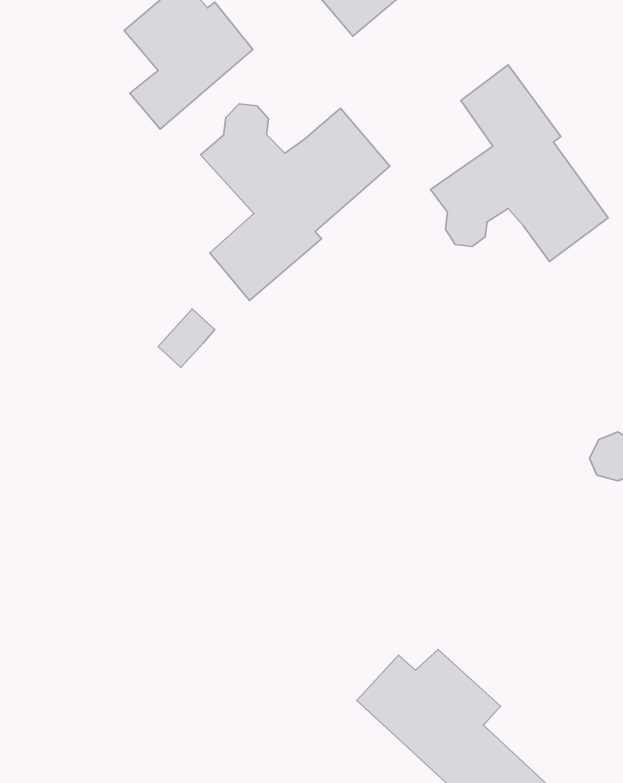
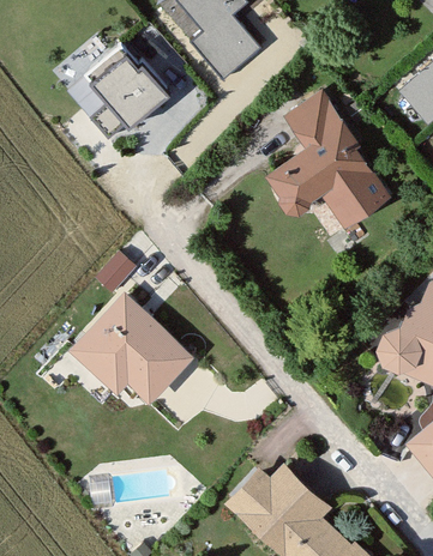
building: [201,104,390,301] -> none
building: none -> [79,297,191,395]

